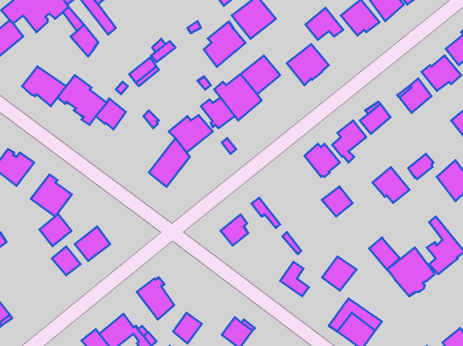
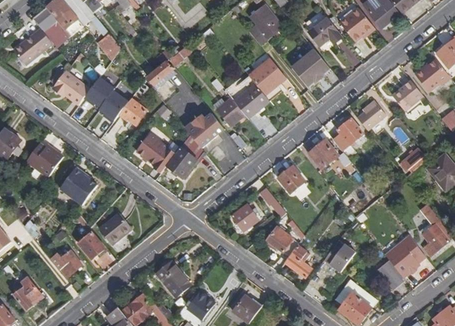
building: [204,22,245,67] -> none
building: none -> [136,133,174,172]
building: [373,167,409,203] -> none
building: [322,187,353,216] -> [277,166,305,193]
building: [39,214,71,246] -> [53,249,82,278]
building: [369,238,400,270] -> [376,260,404,289]
building: none -> [266,227,298,256]

